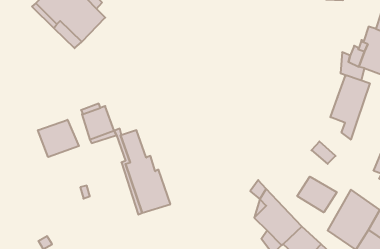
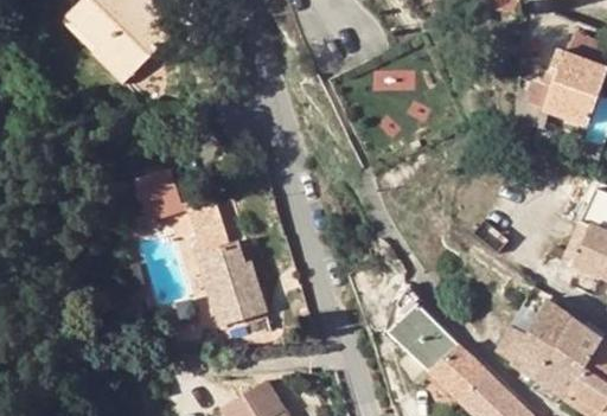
building: [330,76,370,140] -> none
building: [38,120,79,157] -> none
building: [297,177,337,212] -> none

